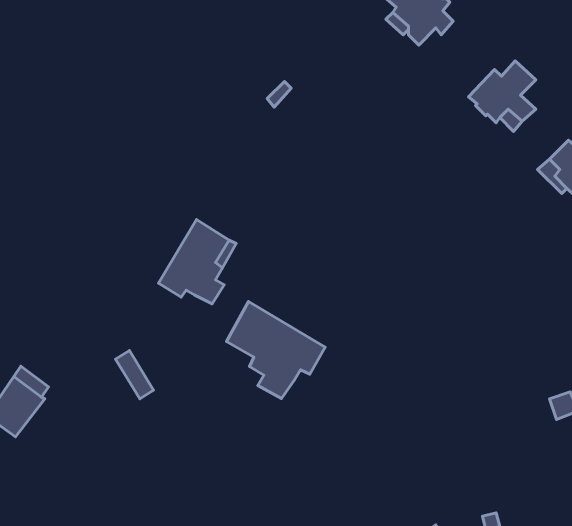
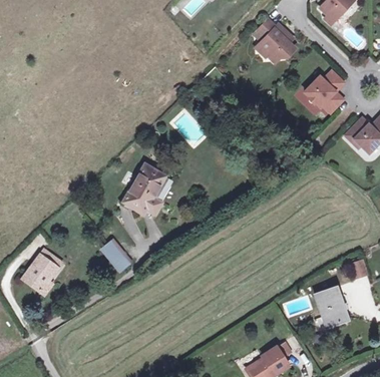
building: [226,301,325,399] -> none
building: none -> [315,287,347,327]

